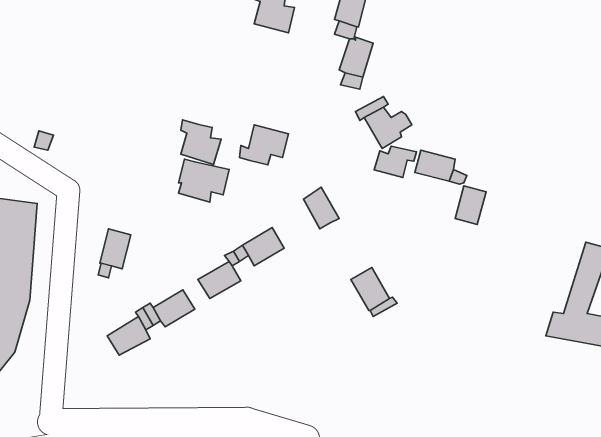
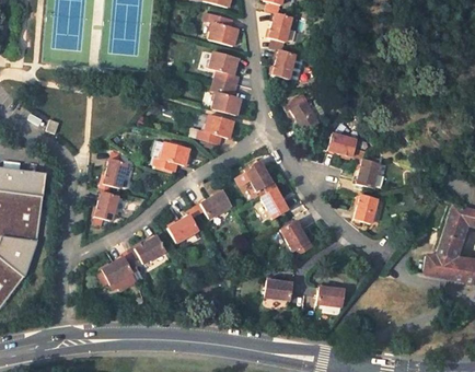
building: none -> [209,51,239,84]
building: [181,120,221,164] -> [212,83,242,116]
building: [374,146,416,177] -> none
building: none -> [104,159,127,188]
building: none -> [259,187,288,219]
building: none -> [355,194,378,224]
building: none -> [264,279,291,300]
building: none -> [316,287,345,307]

